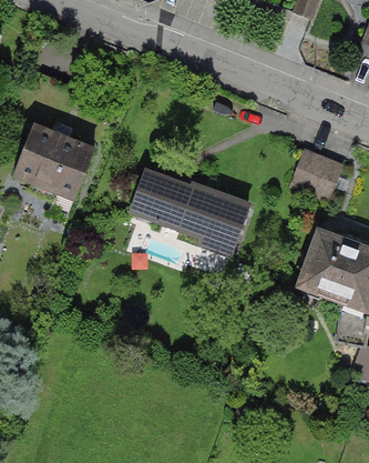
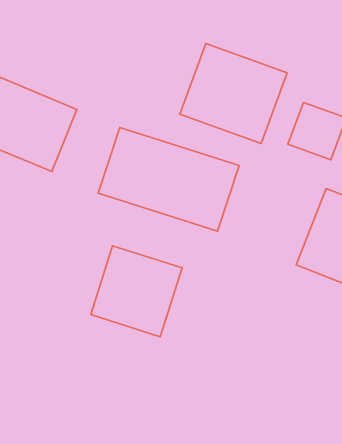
building: none -> [180,43,287,143]
building: none -> [91,246,182,337]

